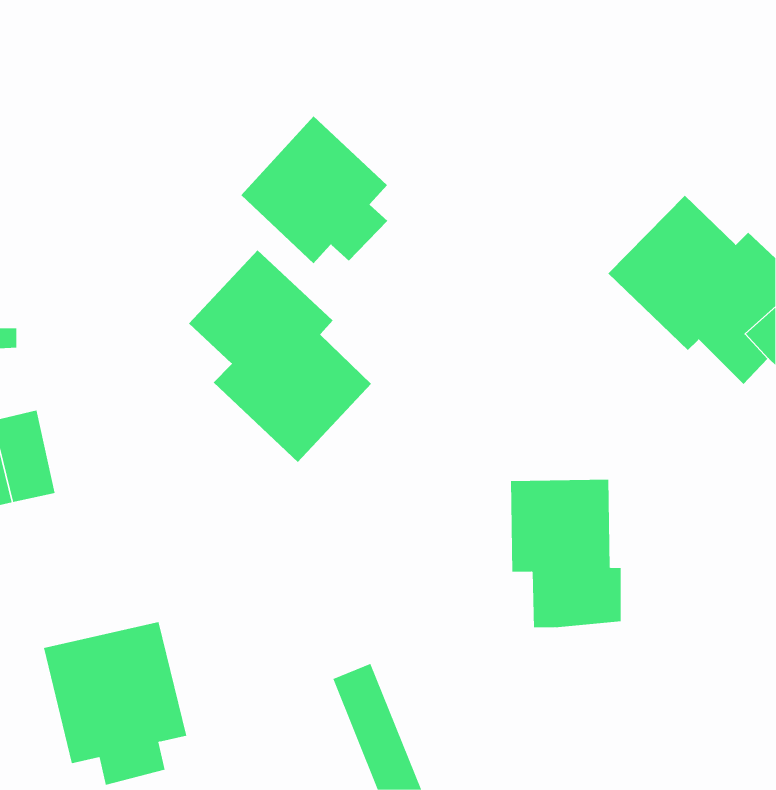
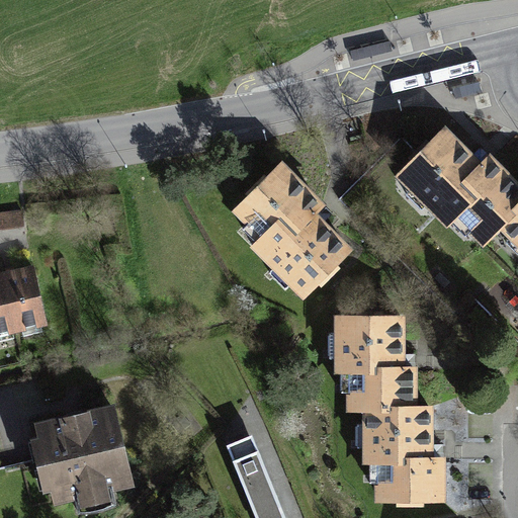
building: [240,116,388,264] -> none
building: [188,249,372,463] -> [235,160,355,299]
building: none -> [363,406,447,506]

